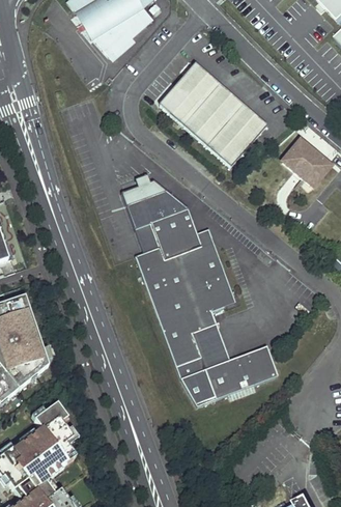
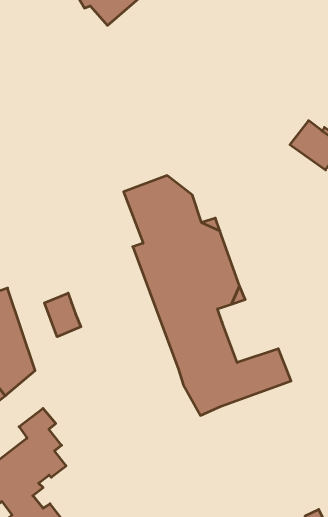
building: [157,66,262,166] -> none
building: none -> [44,293,81,337]

